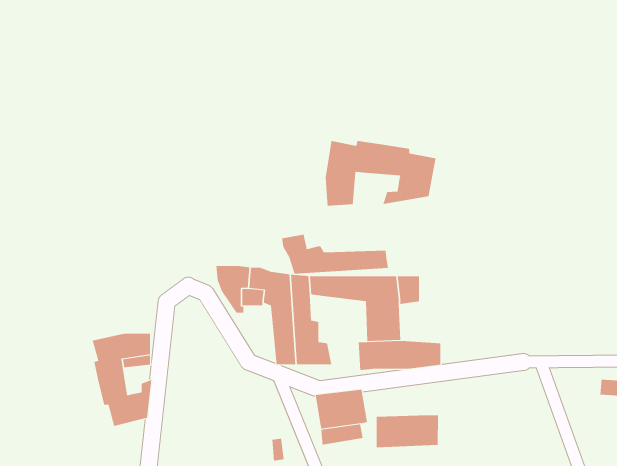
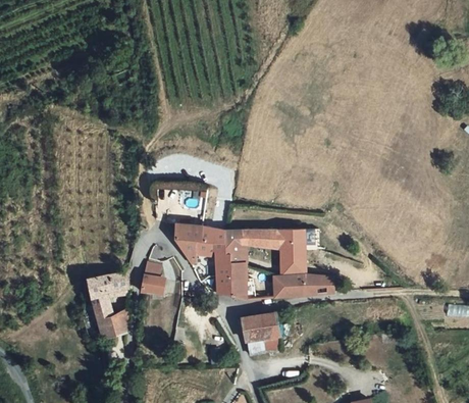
building: [325,140,436,207] -> none
building: [282,234,388,275] -> none
building: none -> [143,261,166,290]
building: [376,415,438,448] -> none

